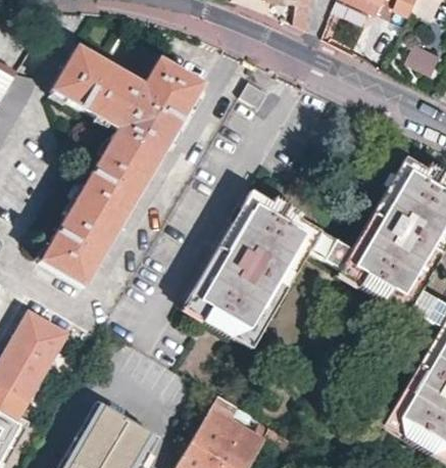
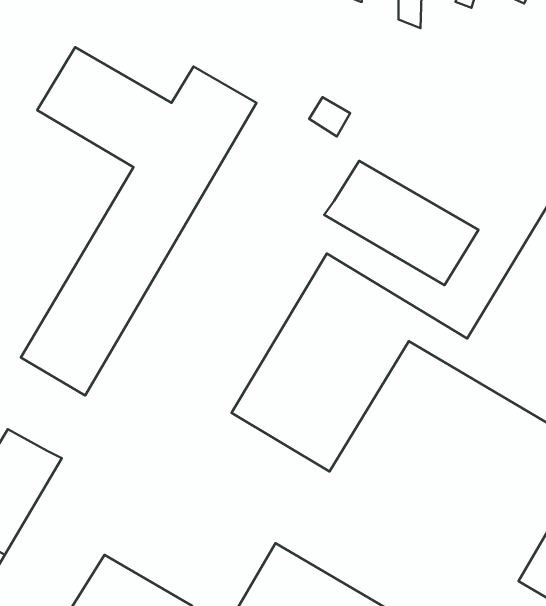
building: none -> [324,161,478,285]

